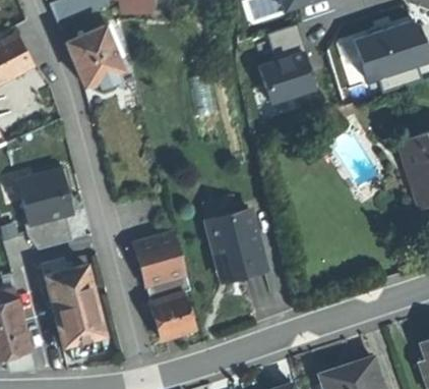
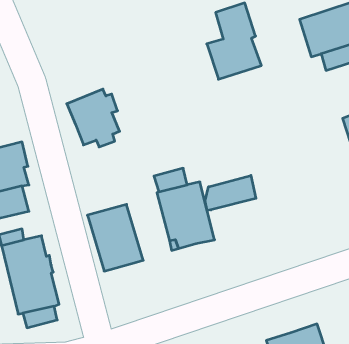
building: [67,26,122,87] -> [67,89,120,147]
building: none -> [205,175,256,211]
building: [150,292,196,340] -> none

